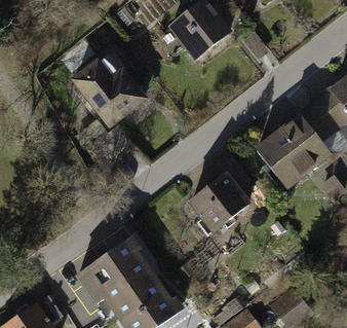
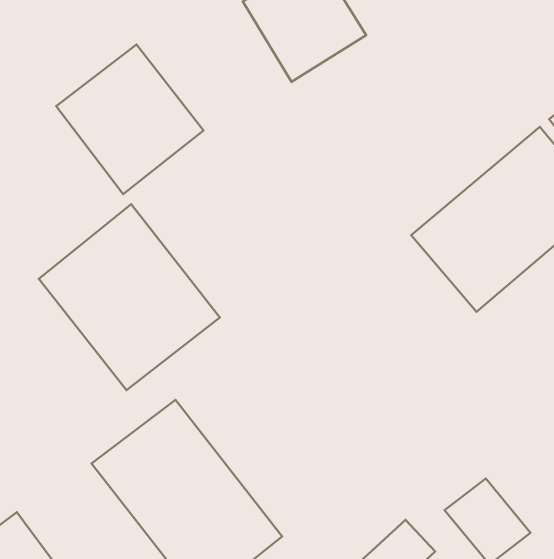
building: none -> [39,204,220,390]
building: [186,168,254,235] -> none

